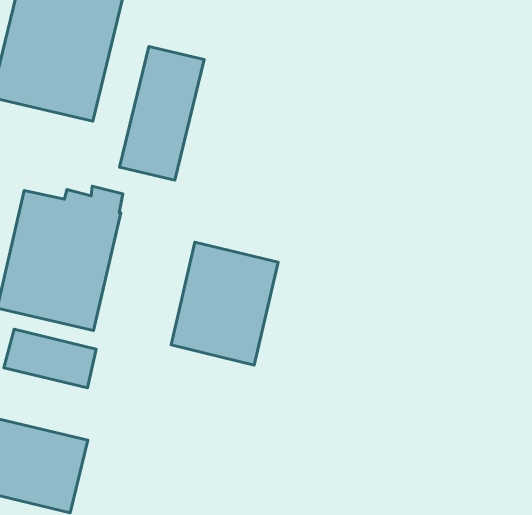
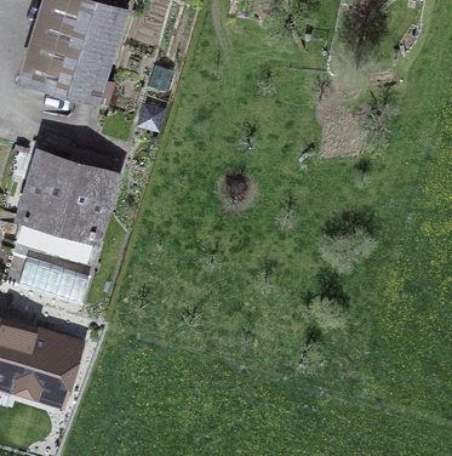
building: [120,47,204,180] -> none
building: [171,242,278,365] -> none

